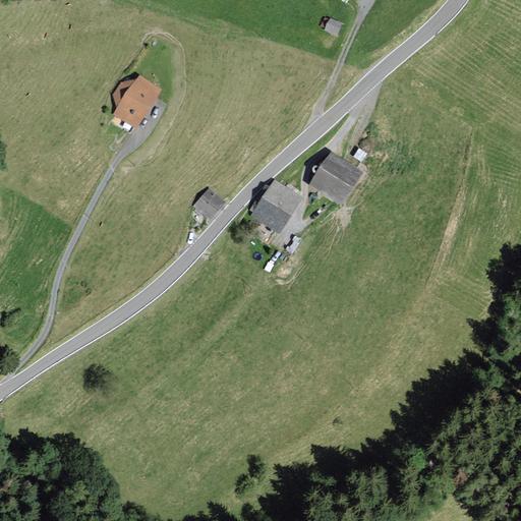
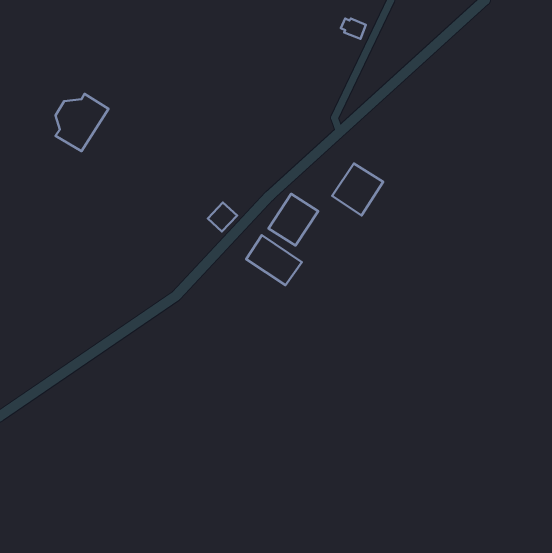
building: [112,74,162,128] -> [55,94,108,151]
building: none -> [246,235,302,285]

